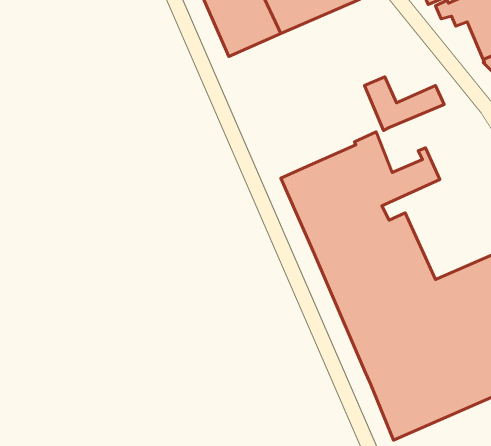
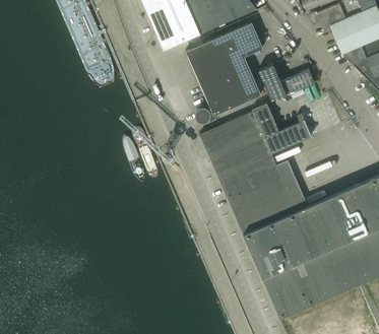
building: none -> [186,22,263,122]

